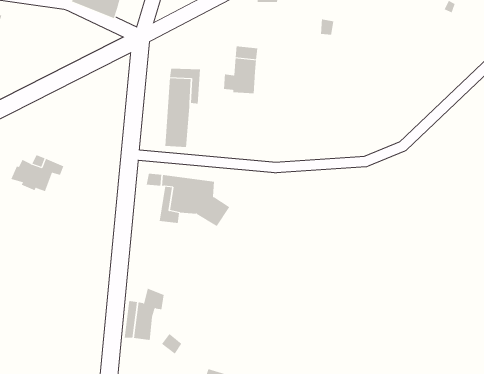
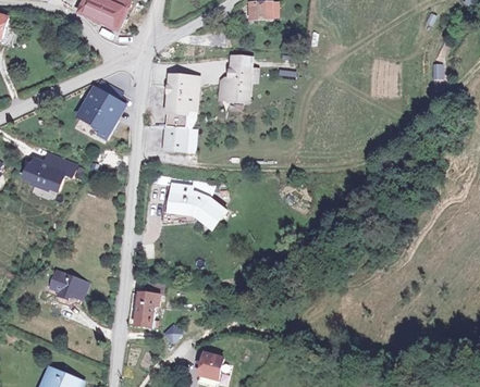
building: none -> [77,82,118,139]
building: none -> [45,272,85,301]

